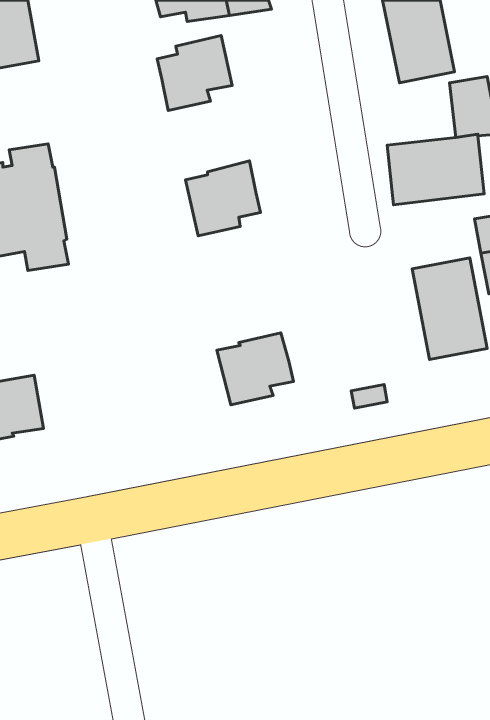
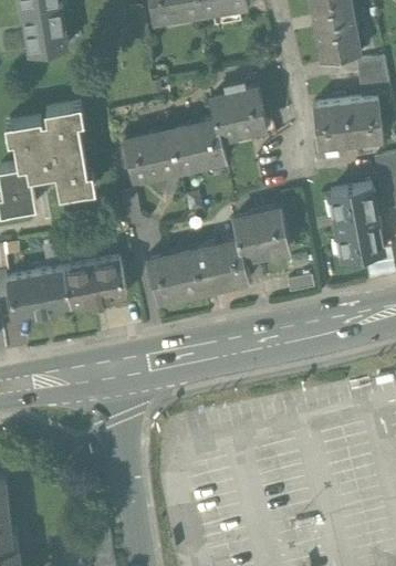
building: [157,35,232,110] -> [212,87,265,140]
building: none -> [123,132,179,178]
building: none -> [235,208,289,260]
building: none -> [146,252,202,298]
building: none -> [63,260,126,307]

